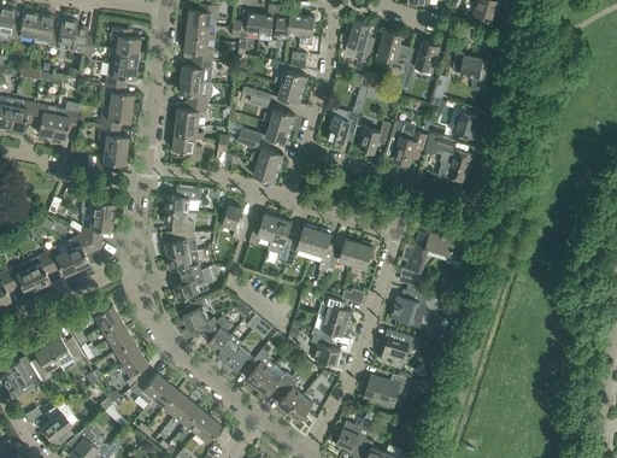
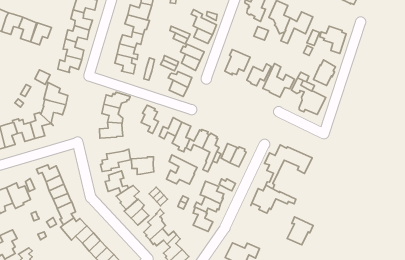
building: [168,249,201,277] -> [132,157,154,175]
building: none -> [167,155,197,184]
building: [380,329,413,366] -> [287,217,313,245]

